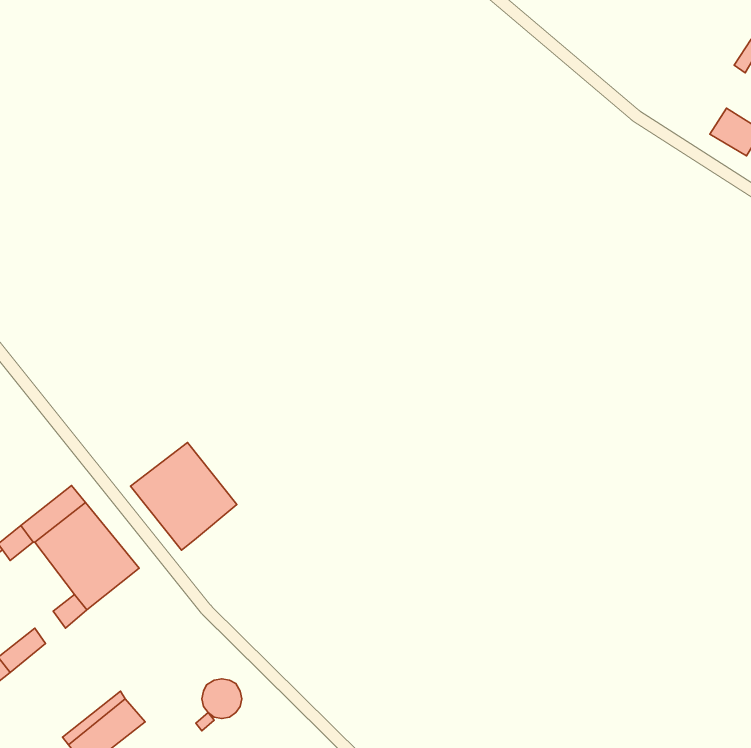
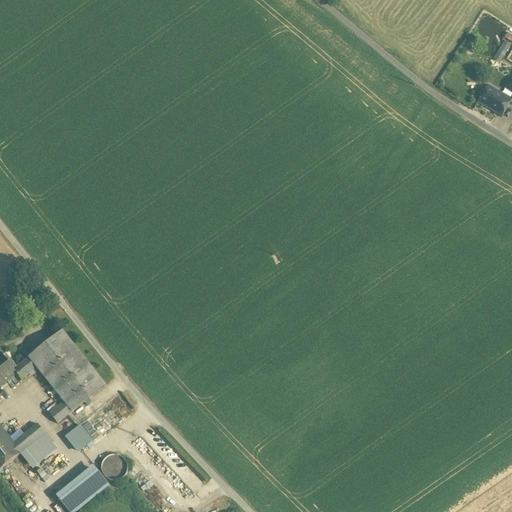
building: [130,442,237,550] -> none
building: none -> [65,420,93,448]
building: none -> [21,432,54,463]
building: [202,679,242,719] -> [101,453,127,479]

